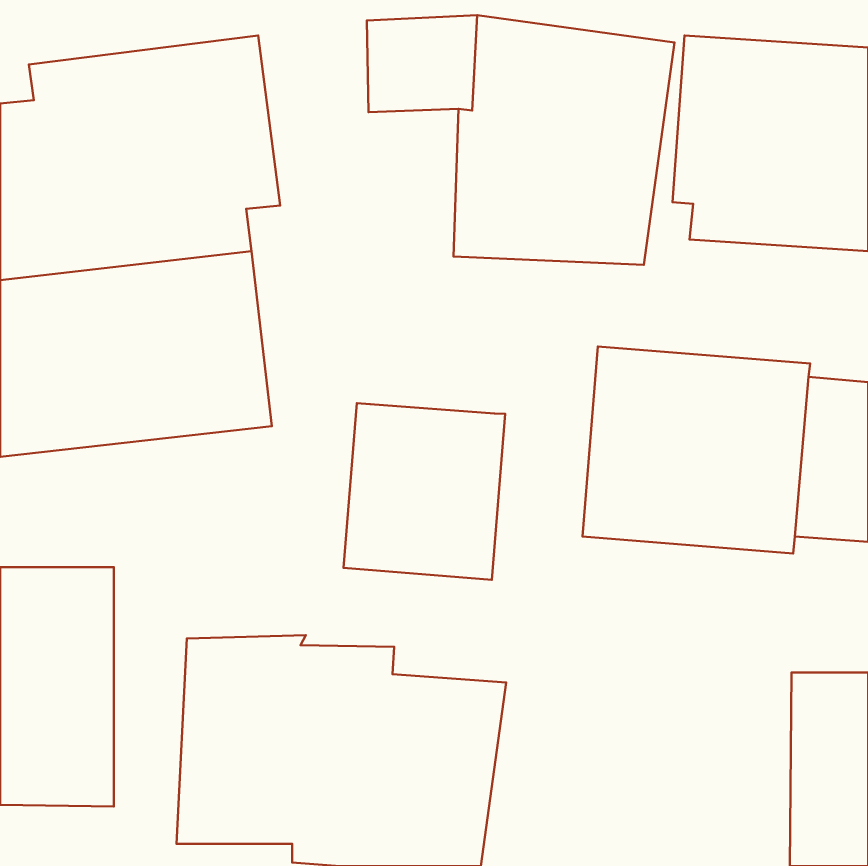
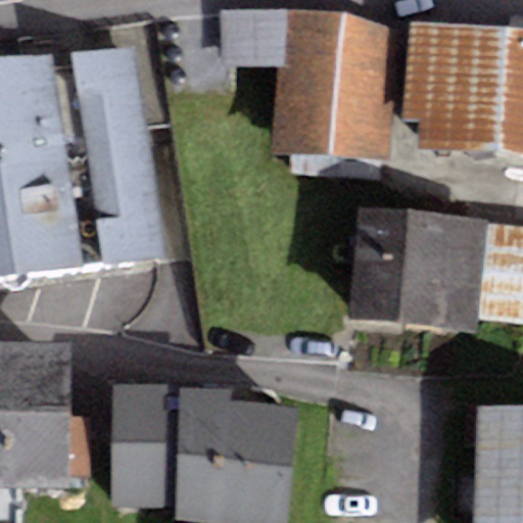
building: [344,403,505,580] -> none

